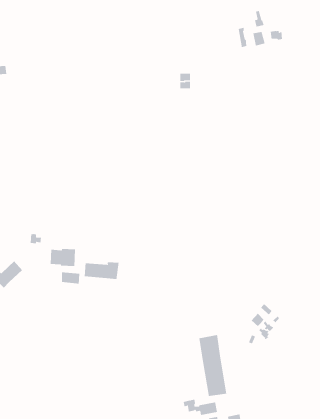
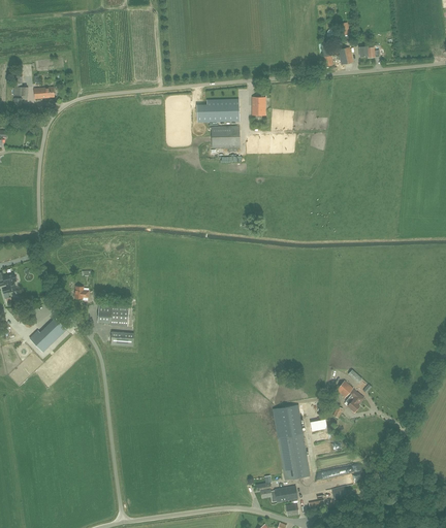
building: none -> [196,99,238,122]
building: none -> [211,126,238,147]
building: [84,262,119,280] -> none

